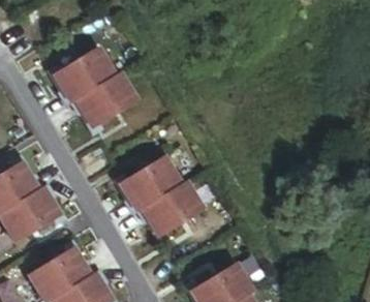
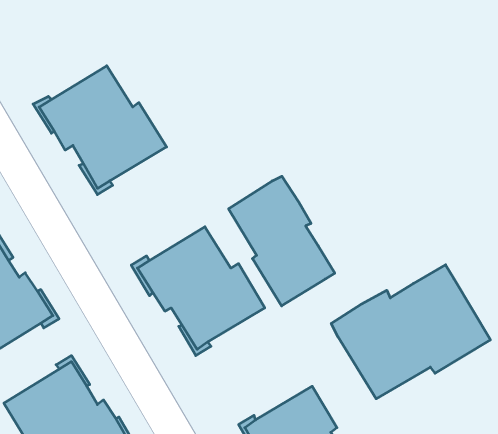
building: none -> [229,176,335,306]
building: none -> [331,265,490,399]

